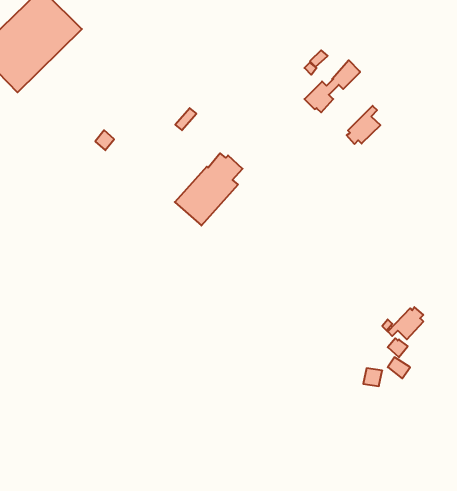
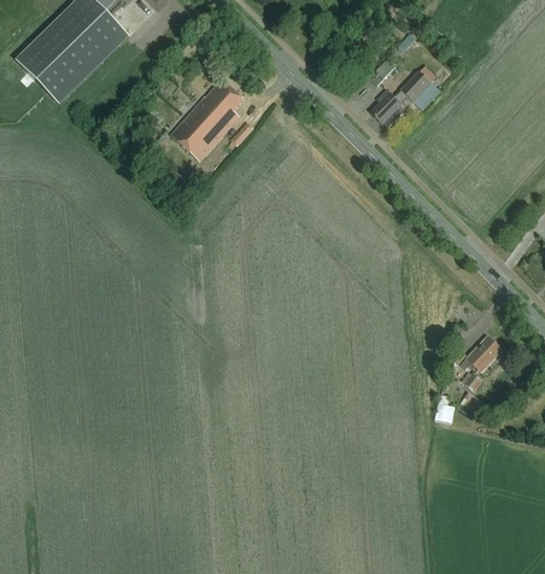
building: [347,106,380,144] -> none
building: [175,153,243,226] -> [171,80,245,158]

